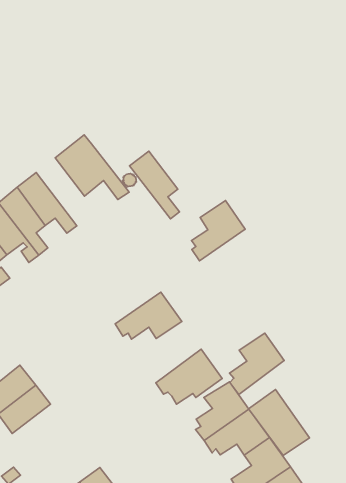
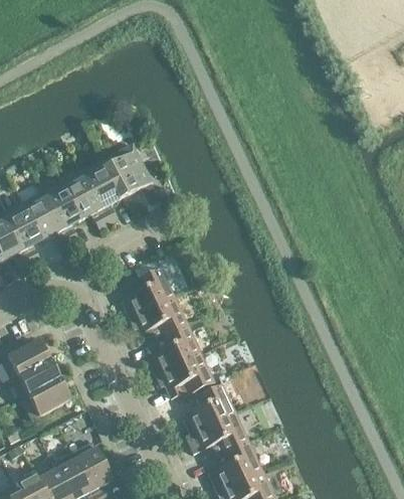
building: [130,151,179,219] -> [81,162,121,225]
building: [191,201,245,261] -> [124,269,174,318]
building: [230,333,284,394] -> [150,326,201,376]
building: [249,390,309,456] -> none
building: none -> [21,379,69,420]

